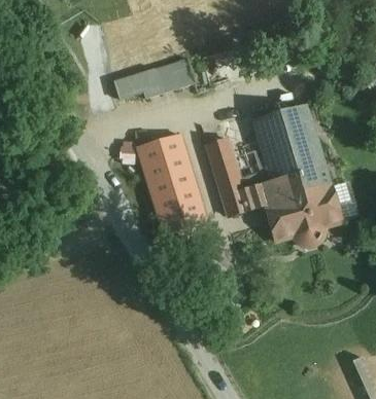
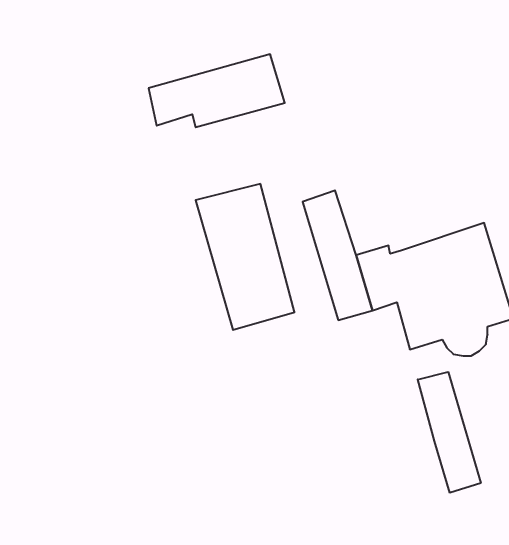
building: [252,107,322,178] -> none
building: none -> [418,372,481,493]

